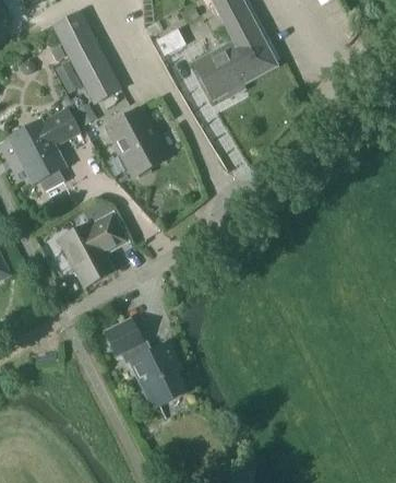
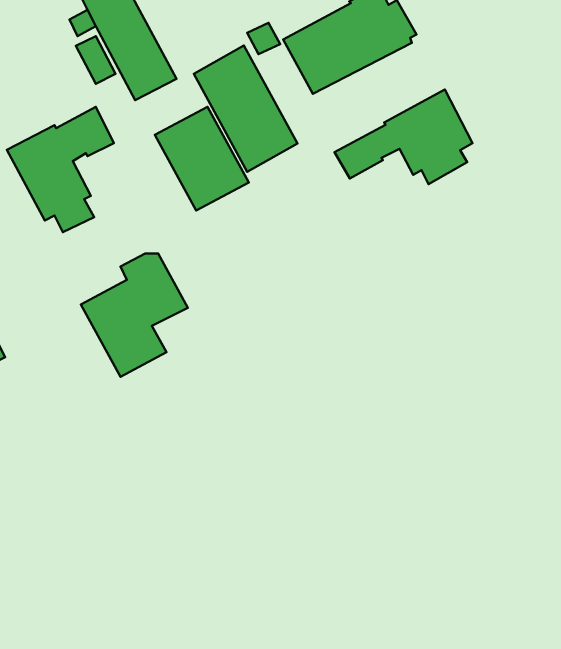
building: none -> [194,45,297,172]
building: none -> [335,89,473,184]
building: [104,319,185,409] -> none

